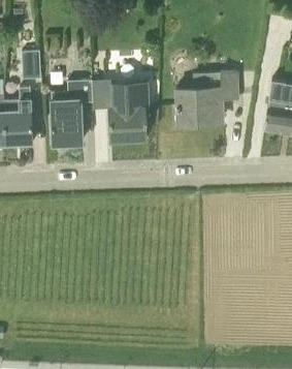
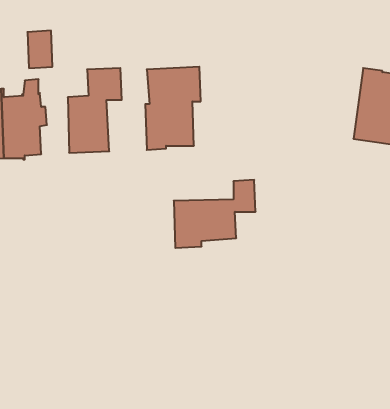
building: [176,73,237,124] -> [174,180,256,248]

